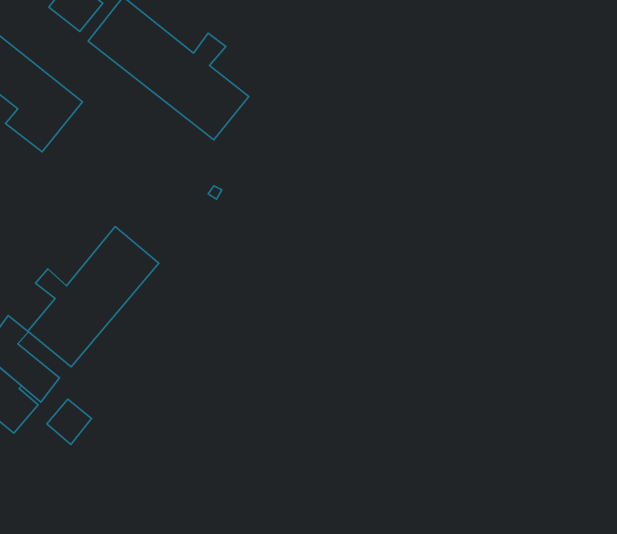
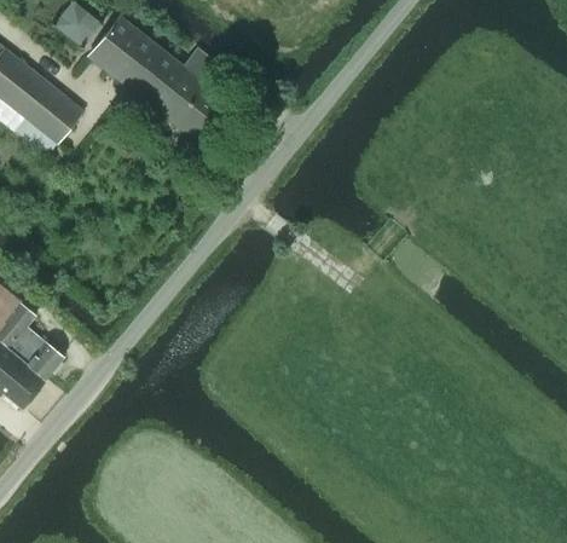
building: [28,226,159,367] -> none
building: [47,399,92,444] -> none

